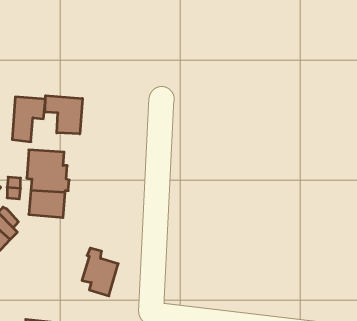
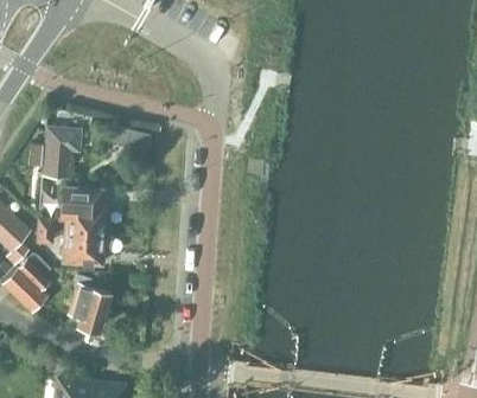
building: [45,96,82,134] -> none
building: [82,248,118,296] -> [69,276,110,330]

